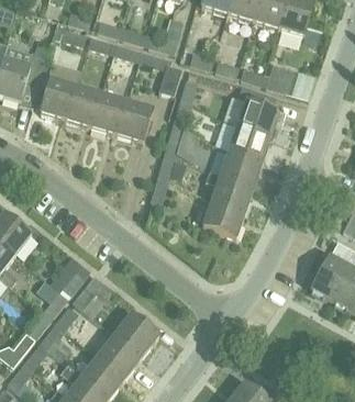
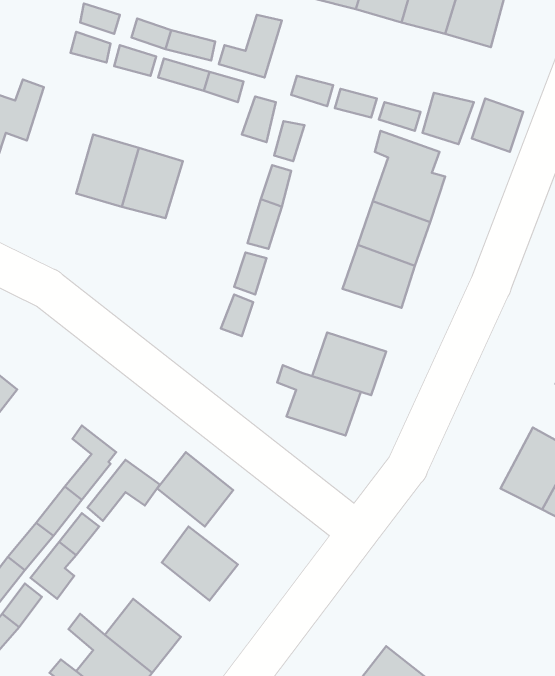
building: [38,78,75,120] -> none
building: [117,101,153,142] -> none
building: [204,170,253,211] -> [277,365,361,436]
building: [98,333,142,376] -> [157,452,233,526]

